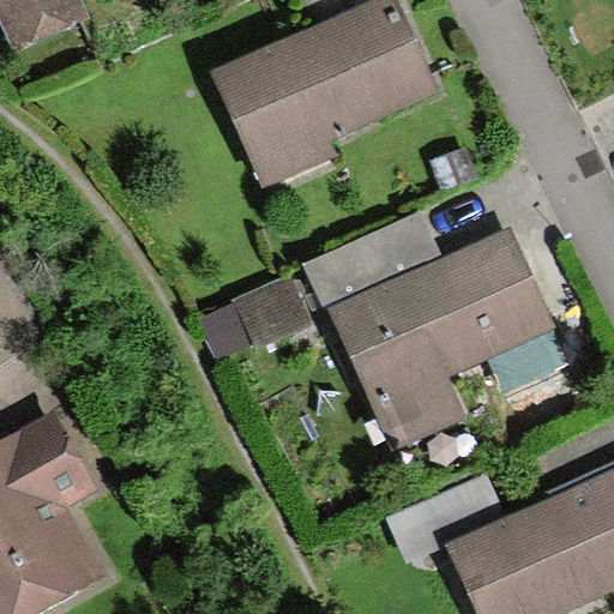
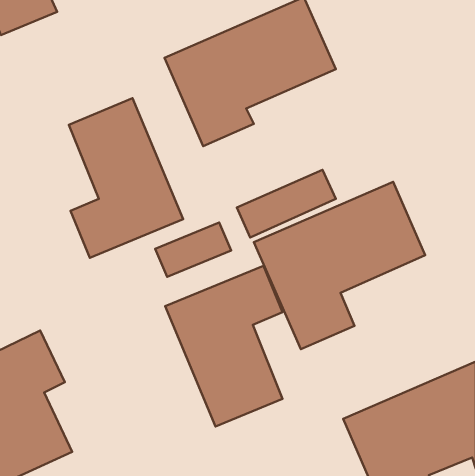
building: none -> [69,98,183,258]
building: none -> [165,266,283,426]

